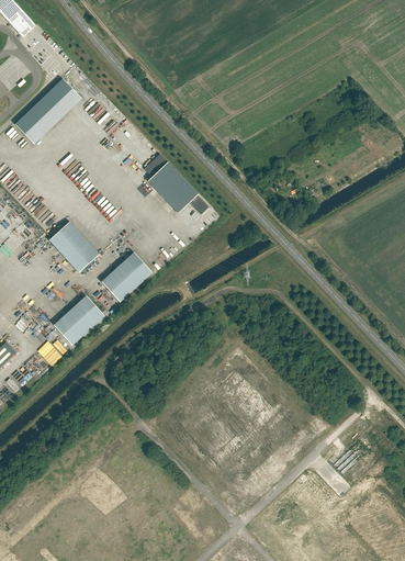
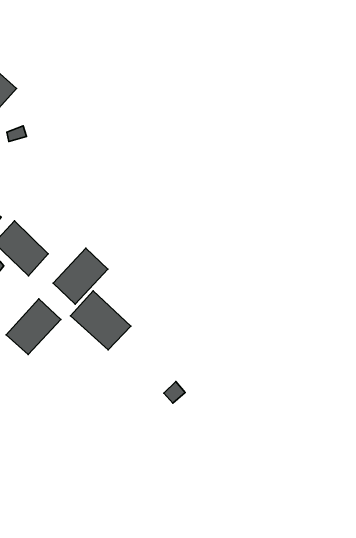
building: [147,161,209,214] -> none
building: none -> [70,291,131,350]

